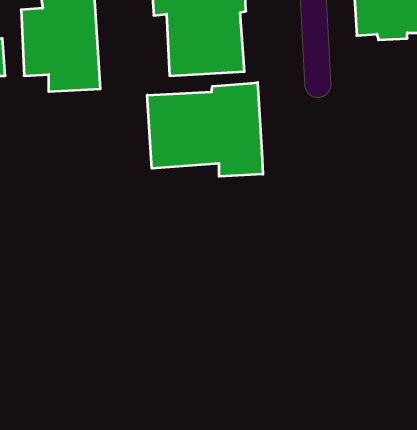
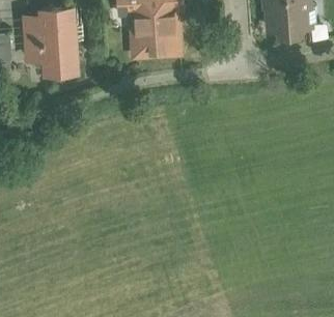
building: [147,82,263,176] -> none

